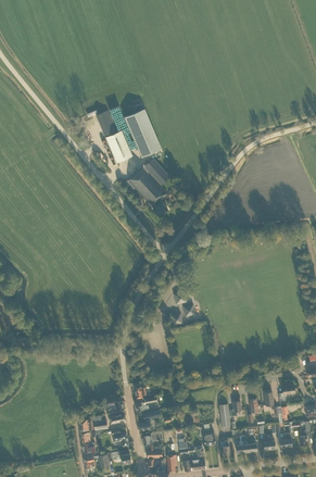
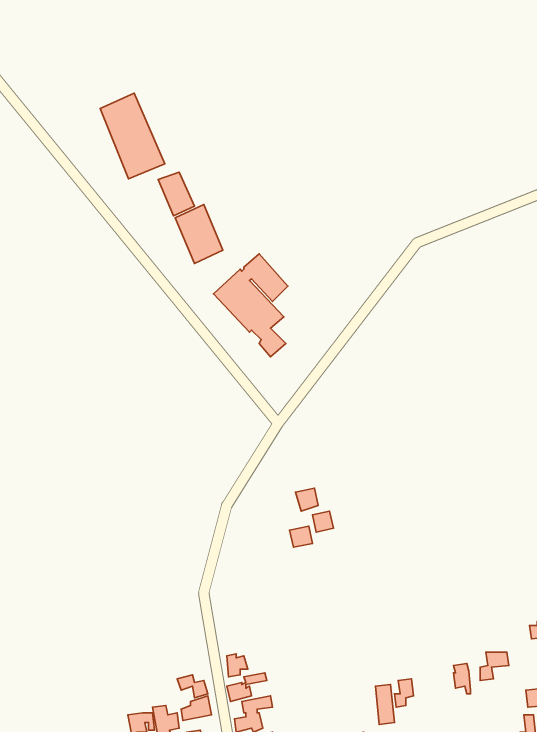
building: [125,108,162,156] -> [100,93,165,179]

